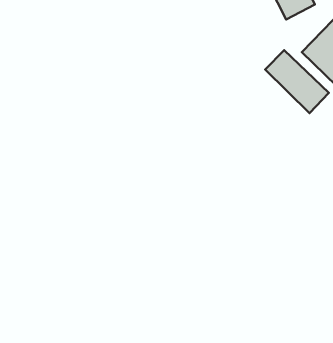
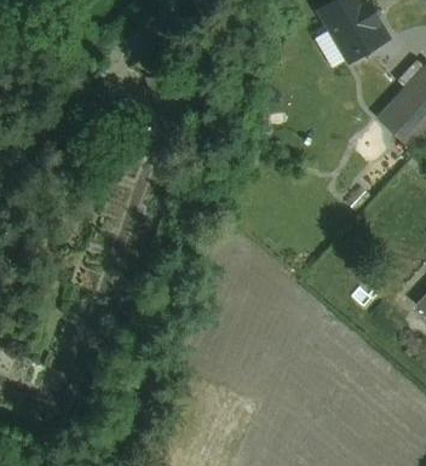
building: [265,50,329,113] -> none

